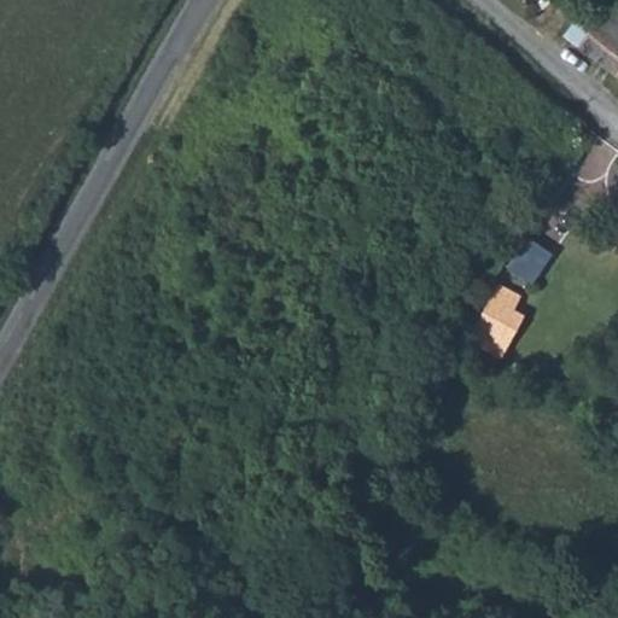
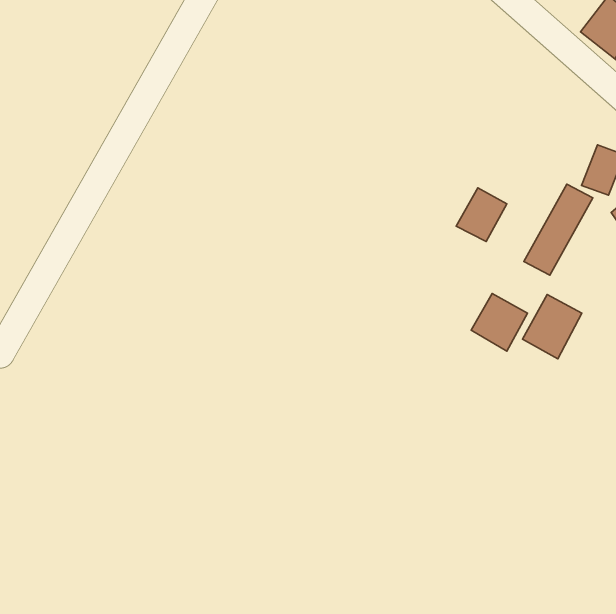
building: none -> [456,188,507,242]
building: none -> [522,295,582,359]

